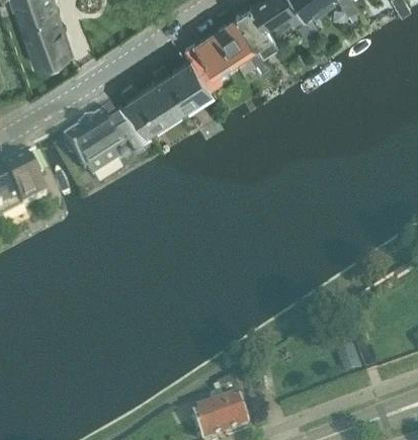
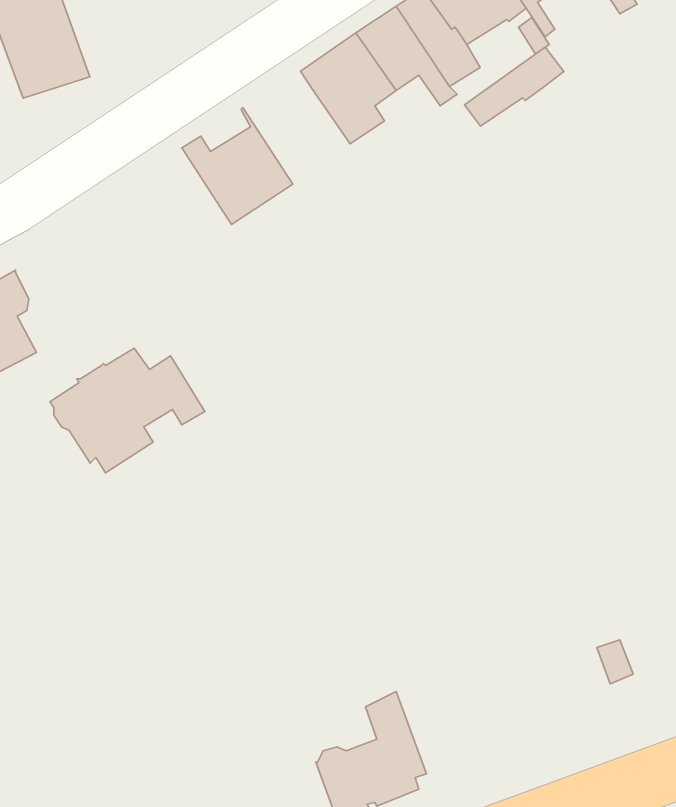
building: none -> [465,47,564,126]
building: [154,60,211,110] -> none
building: [63,113,145,179] -> [50,348,205,473]

